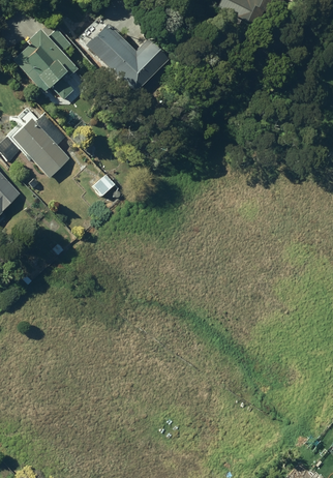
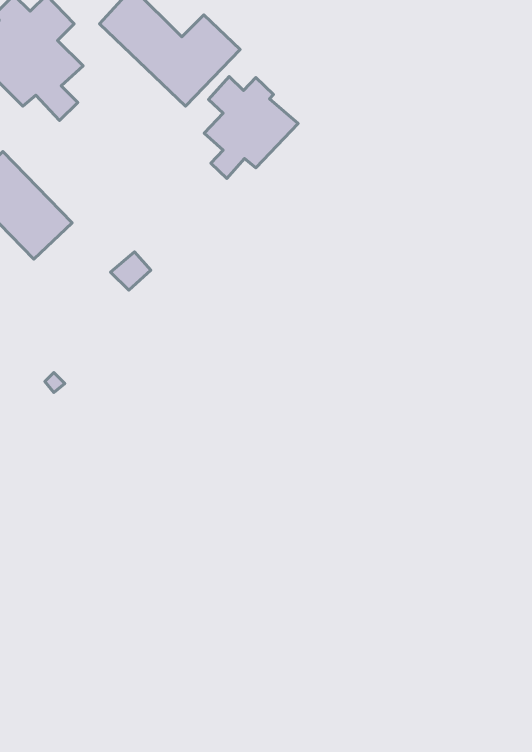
building: none -> [204,77,298,178]

